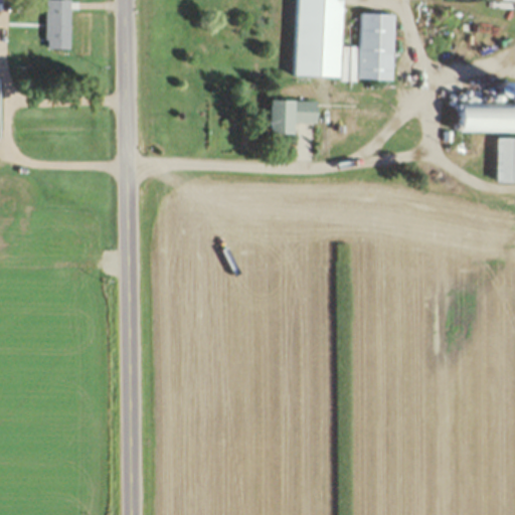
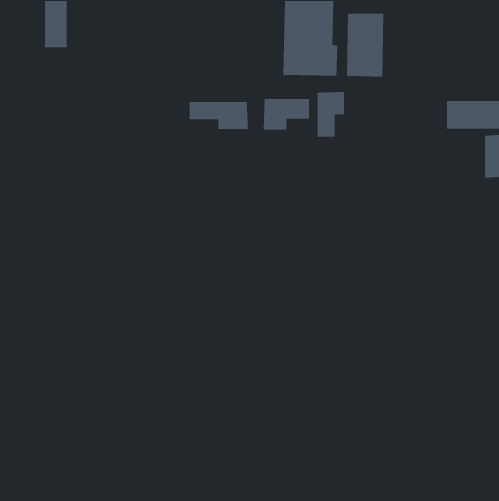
building: none -> [317,91,345,137]
building: none -> [189,101,249,130]

